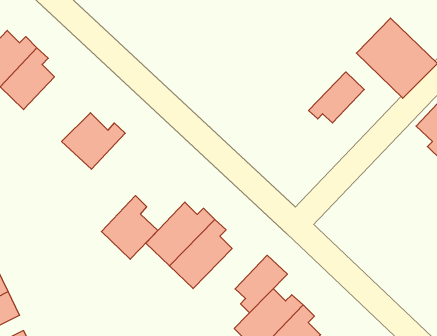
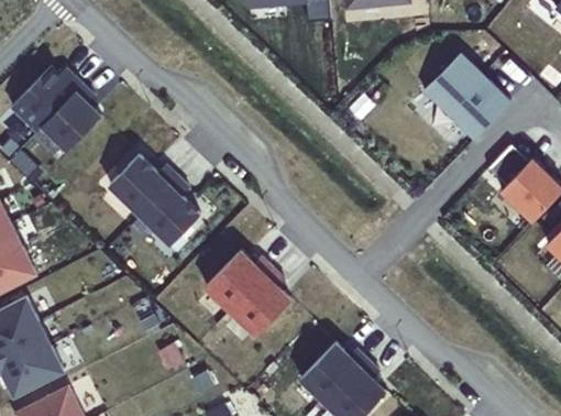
building: [309,72,364,123] -> none
building: [101,196,158,259] -> [141,177,201,245]
building: [235,255,287,313] -> none

